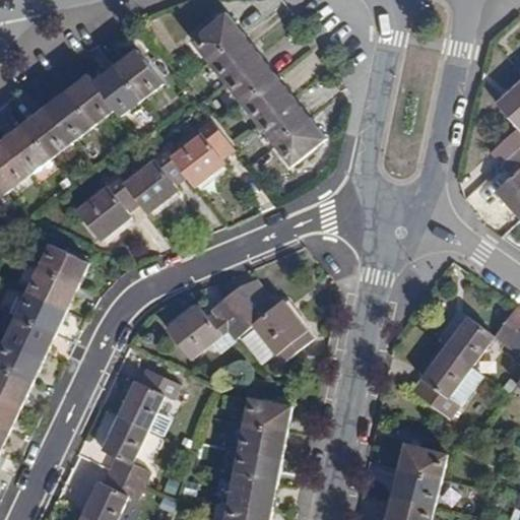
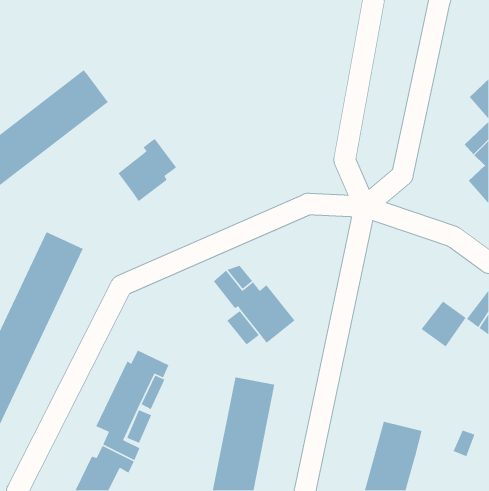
building: [191,13,325,166] -> none
building: [94,49,162,116] -> none
building: [171,120,233,186] -> none
building: [75,173,139,241] -> none
building: [166,297,248,360] -> none
building: [411,347,480,418] -> none

